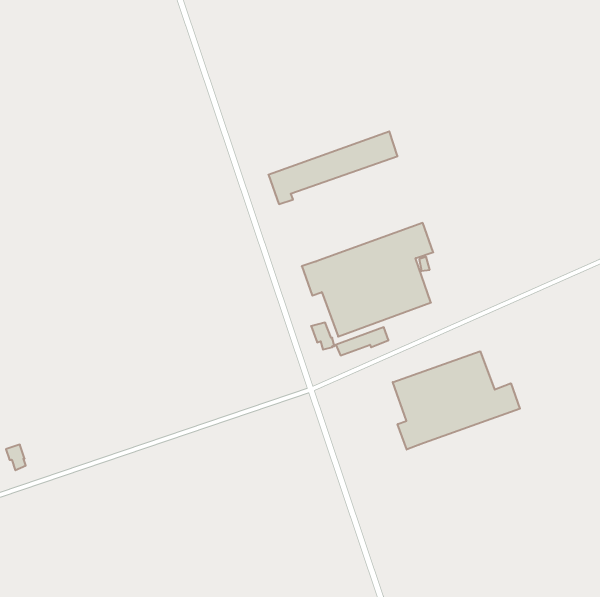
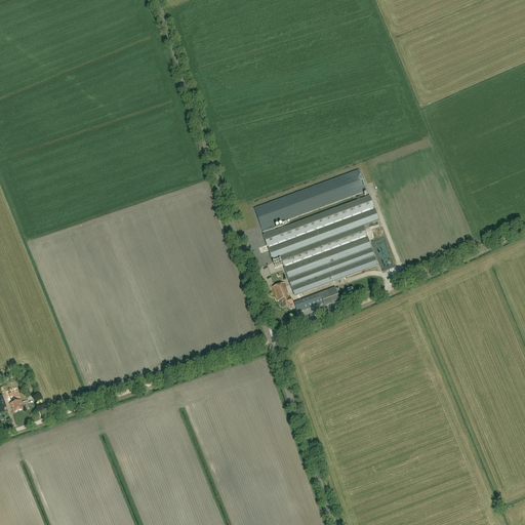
building: [268,131,398,204] -> [254,169,367,233]
building: [393,351,520,450] -> none

